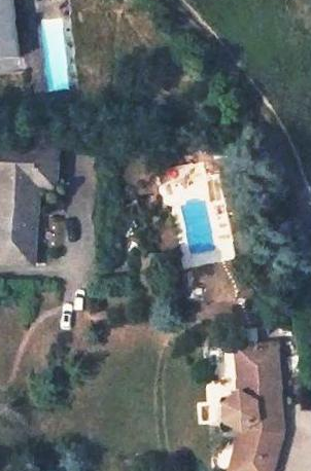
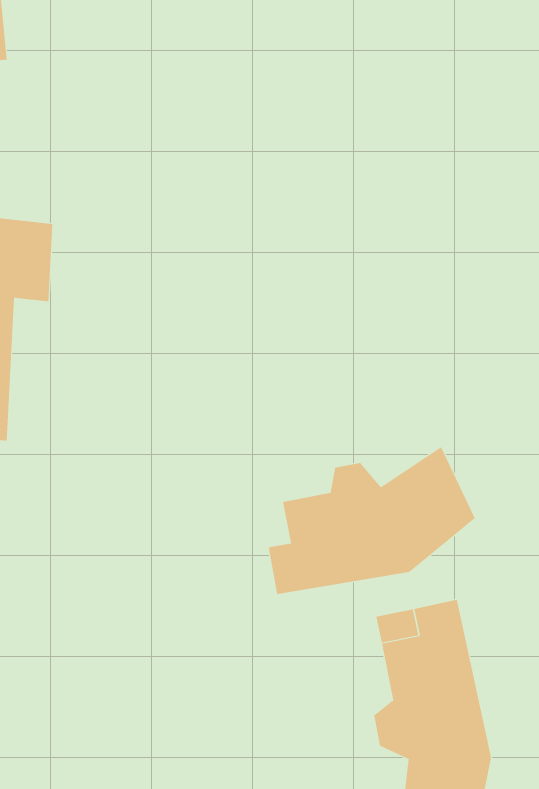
building: none -> [268,446,475,595]

